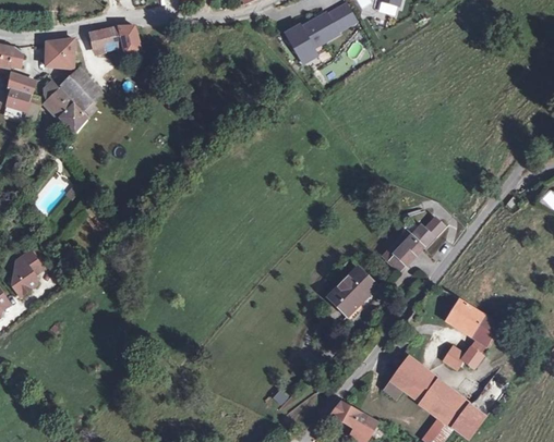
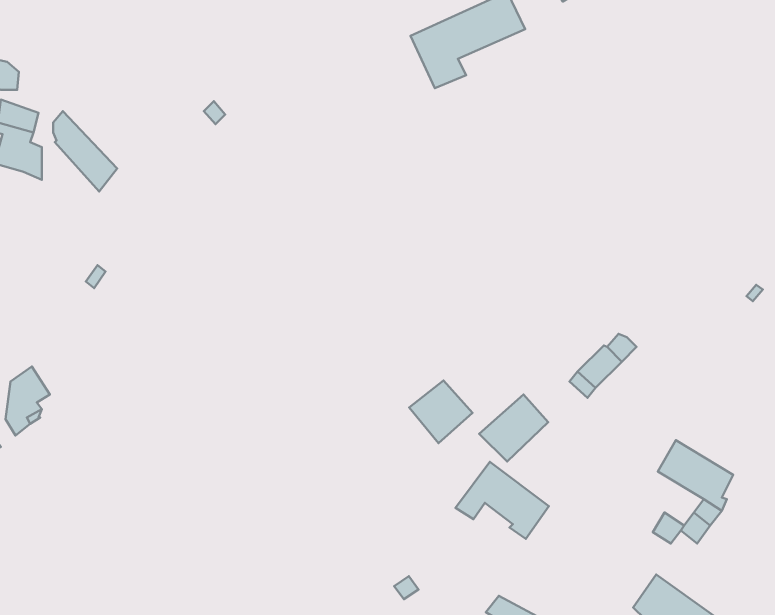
building: [91,23,141,56] -> none
building: [46,39,73,67] -> none
building: [61,69,100,109] -> none
building: none -> [409,380,472,443]
building: [384,359,446,410] -> [455,462,549,539]

